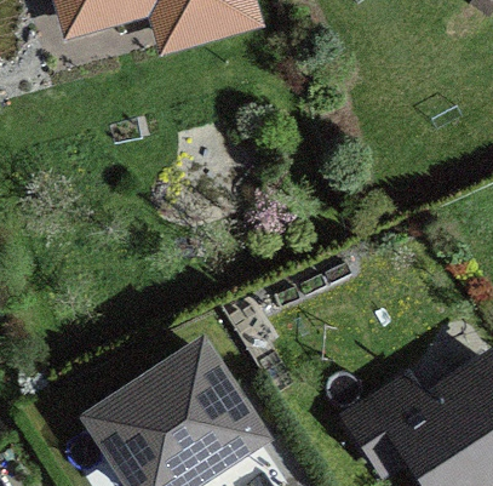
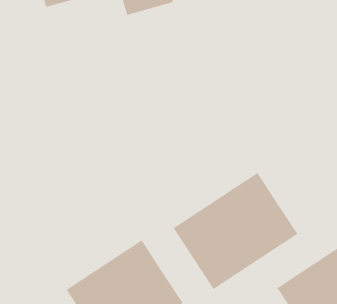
building: none -> [173,172,298,290]

